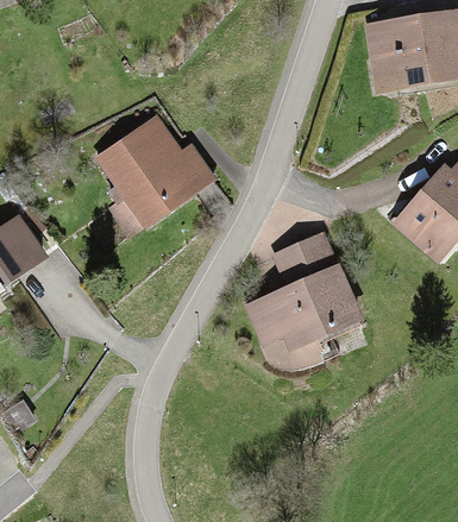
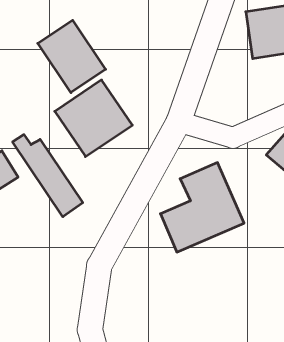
building: none -> [38,20,106,93]
building: none -> [13,135,83,217]

